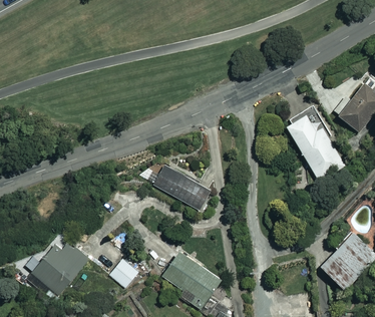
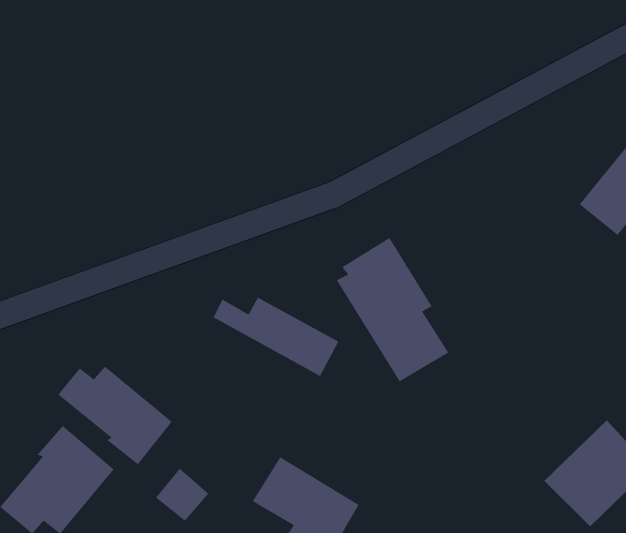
building: [285,103,346,182] -> [336,237,449,382]
building: none -> [57,366,173,465]

